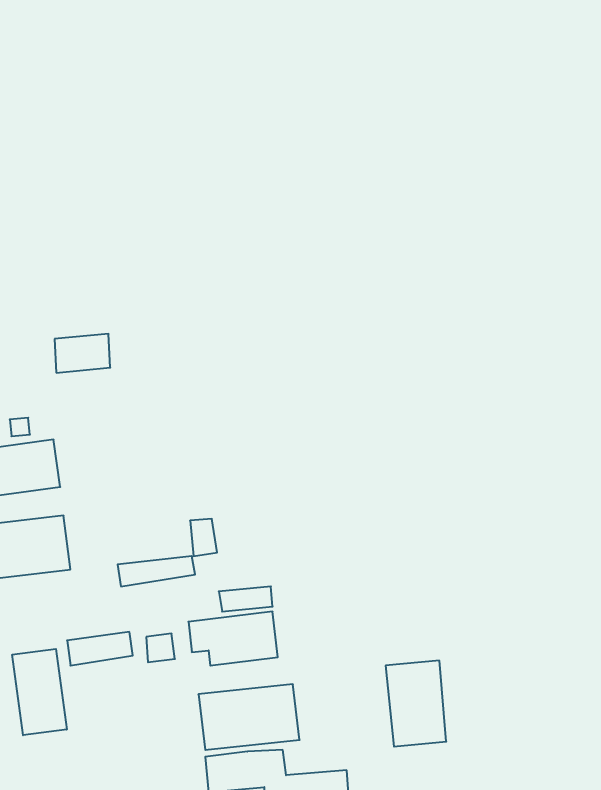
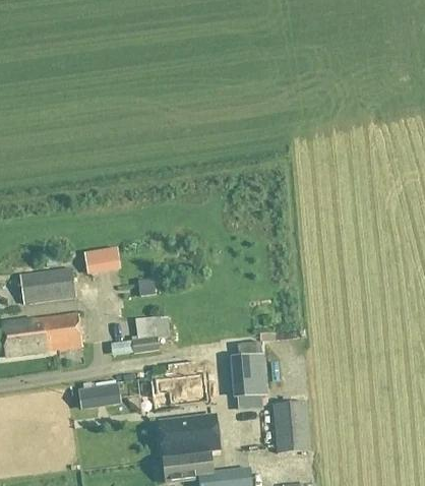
building: [55,334,110,373] -> [89,246,123,269]
building: none -> [233,355,264,397]
building: [12,649,67,735] -> none

